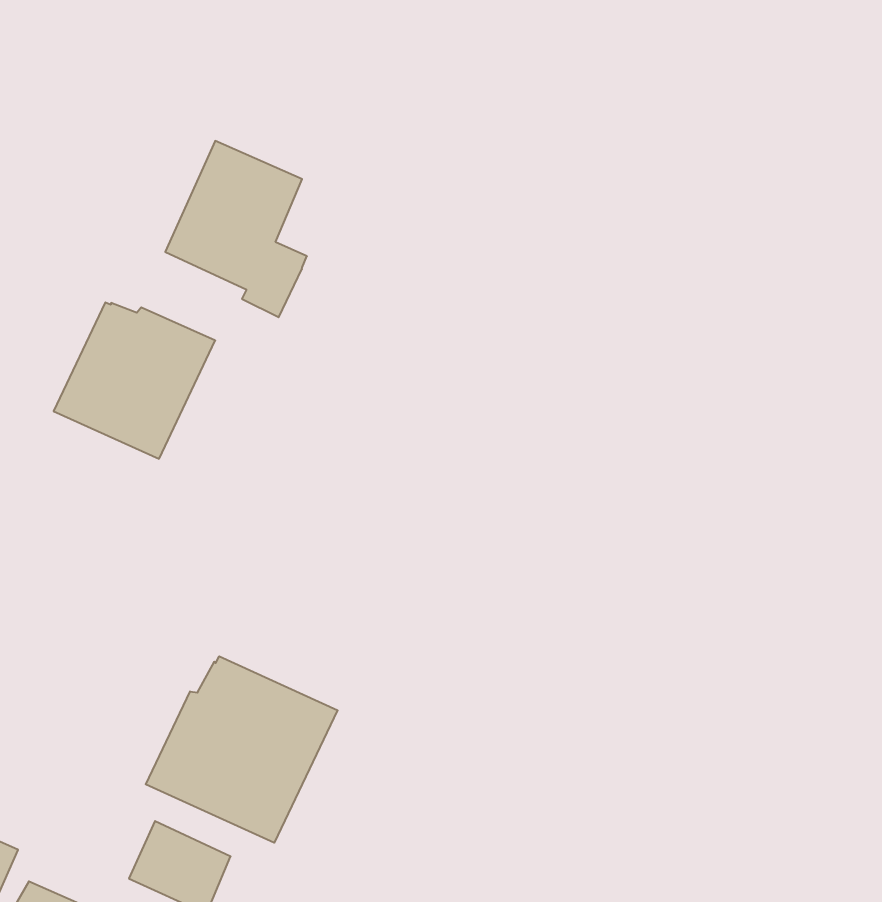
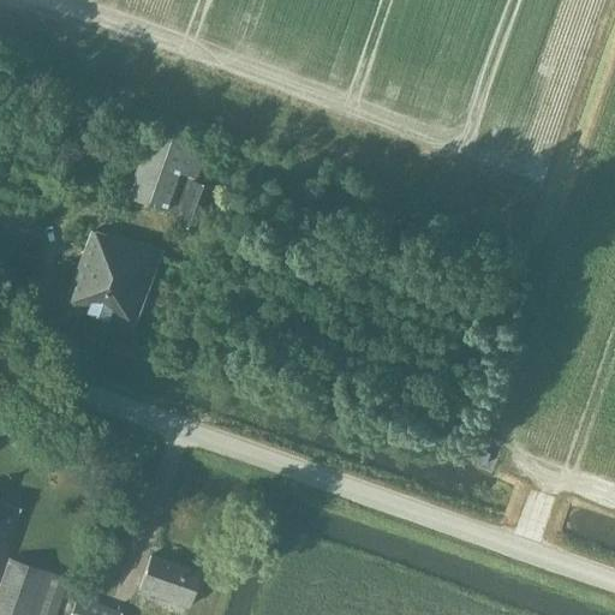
building: [146,656,338,843] -> none

